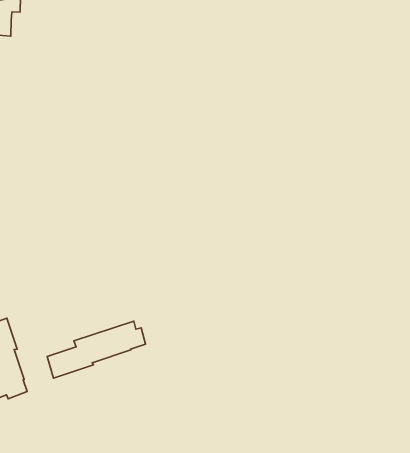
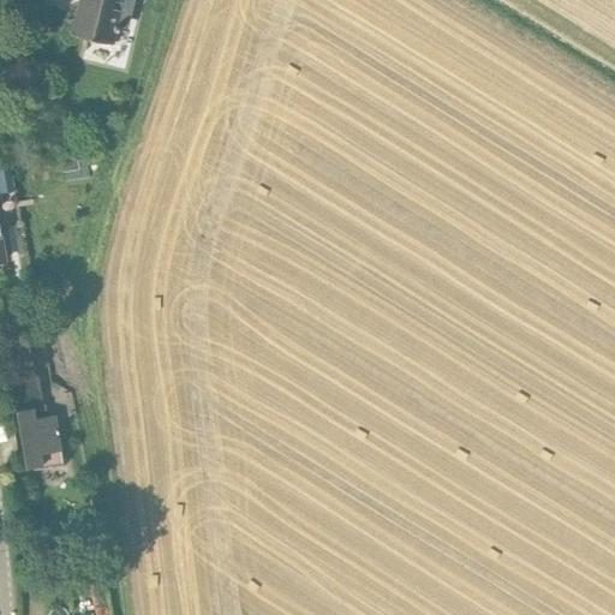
building: [47,321,145,378] -> none

